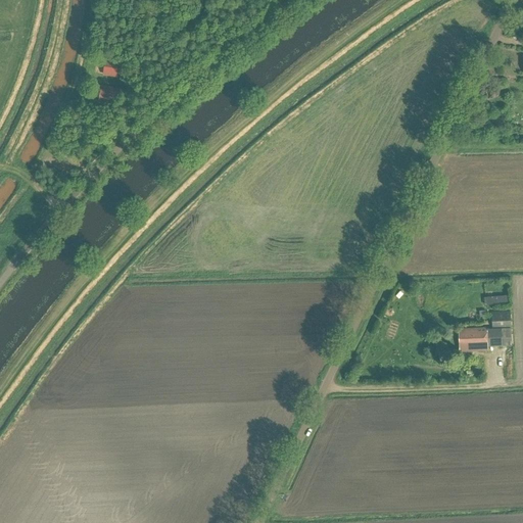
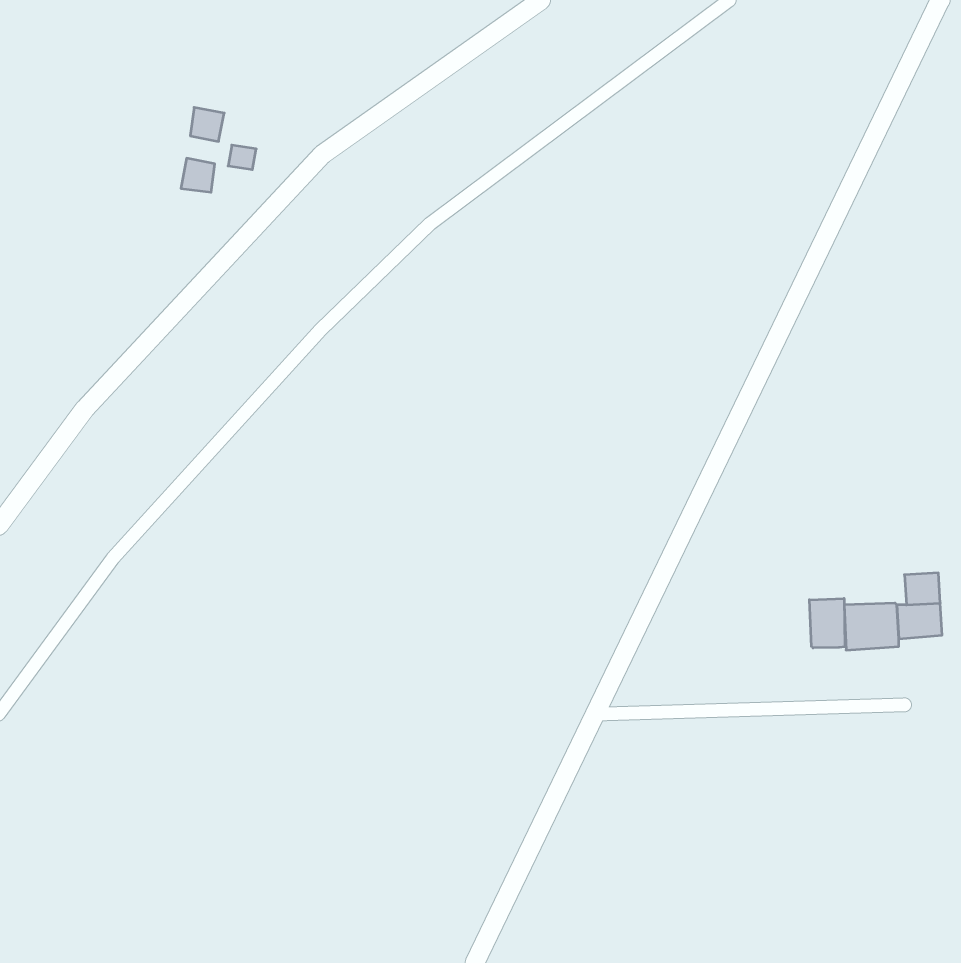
building: none -> [809,598,845,648]

